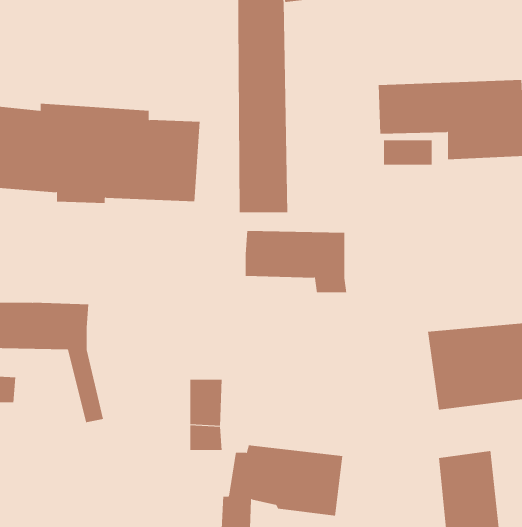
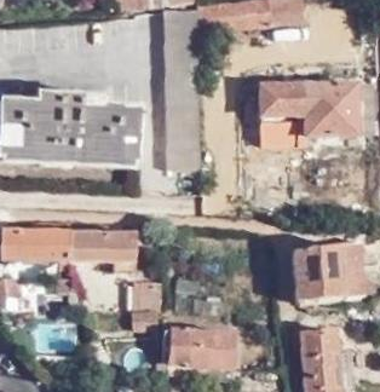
building: [245,231,347,293] -> [68,231,136,272]

